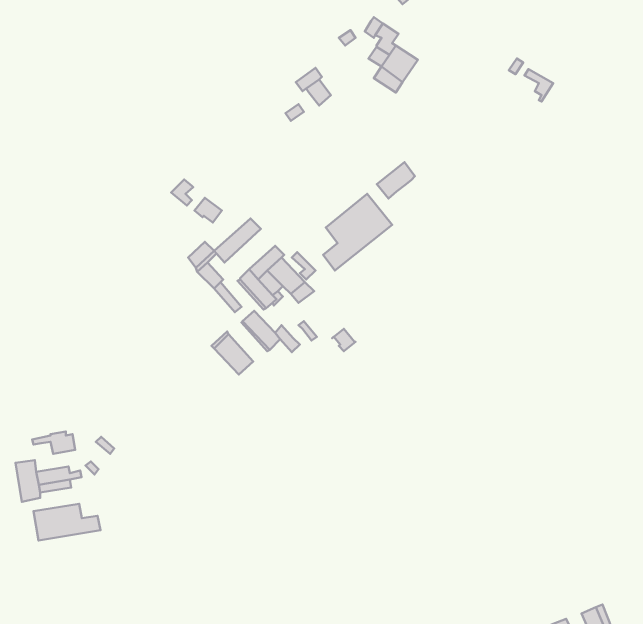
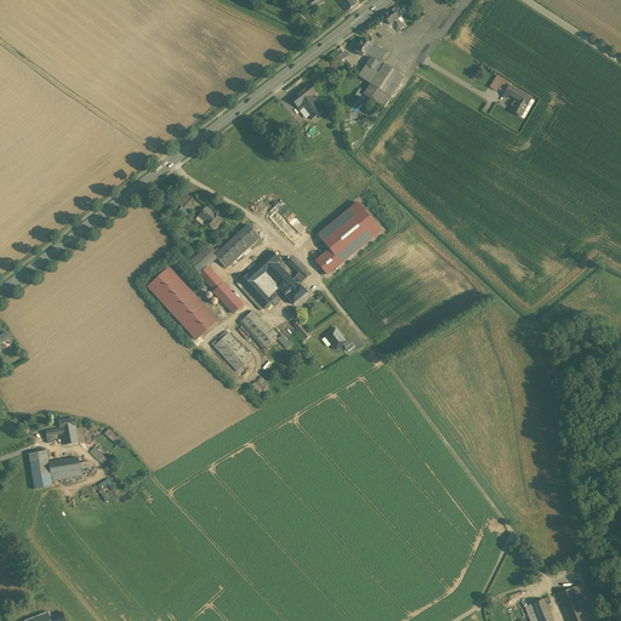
building: [377,162,415,198] -> none
building: none -> [147,267,216,338]
building: [33,504,101,541] -> none

